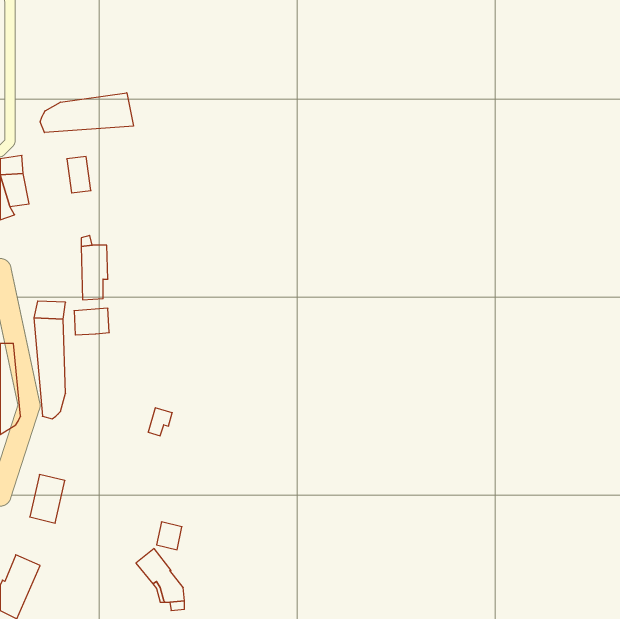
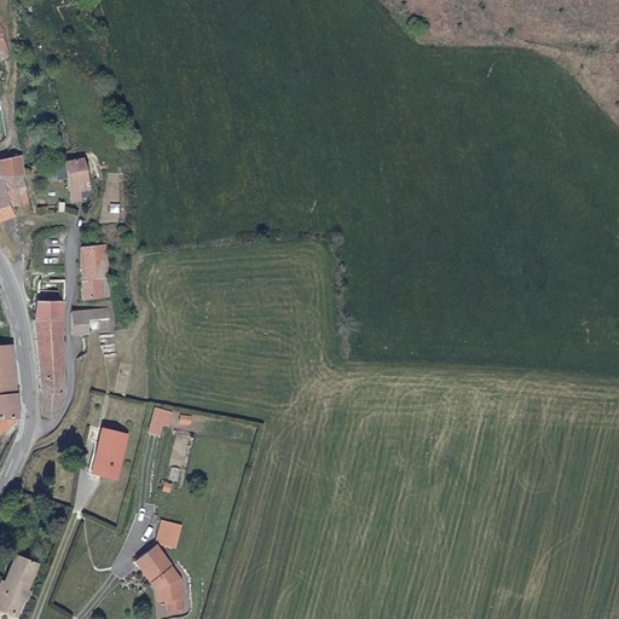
building: [40,93,133,133] -> none
building: [30,475,65,523] -> [92,429,127,478]

